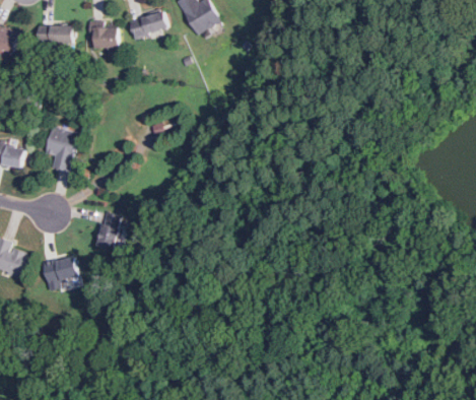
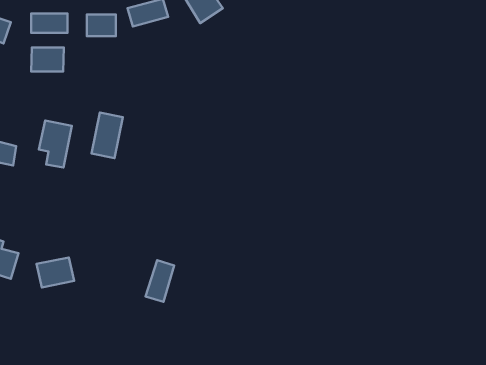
building: none -> [31,48,64,72]
building: none -> [91,113,123,158]
building: [94,212,122,252] -> [145,260,174,302]

